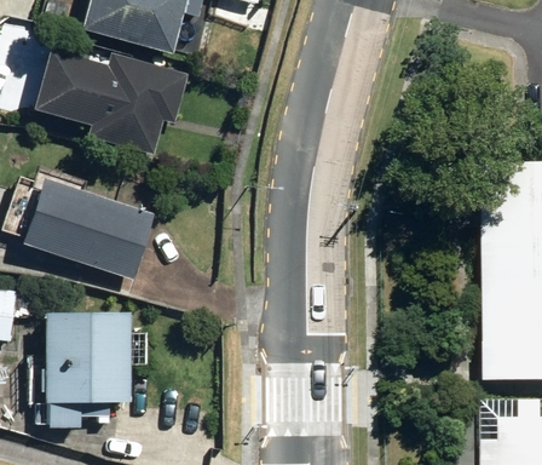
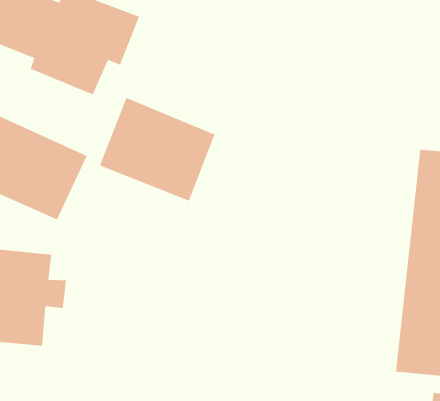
building: none -> [99,97,215,202]

